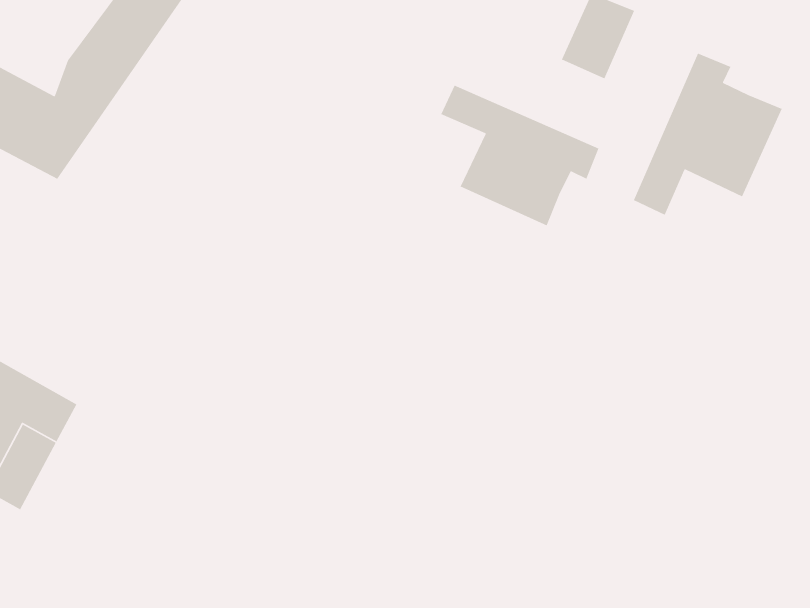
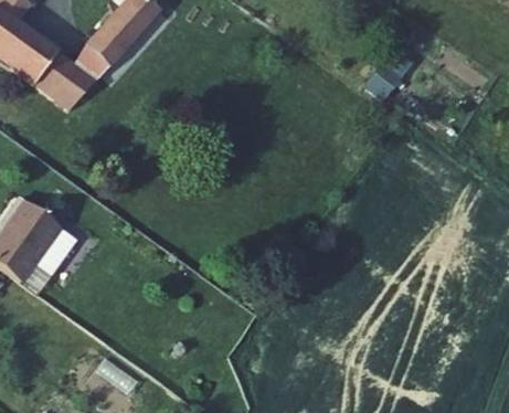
building: [633,53,783,216] -> none
building: [440,85,600,227] -> none

